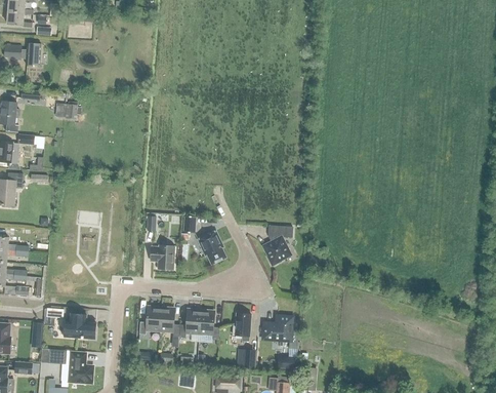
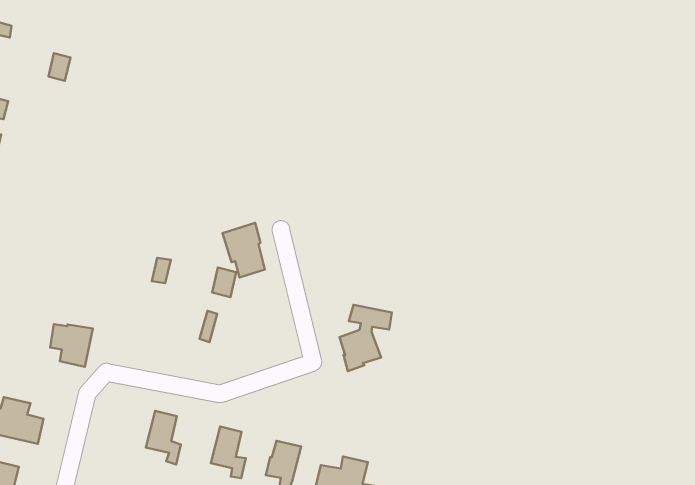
building: [197,230,225,264] -> [222,223,265,277]
building: [151,245,174,269] -> [50,324,93,367]
building: [139,306,161,333] -> none
building: [178,309,201,337] -> none

